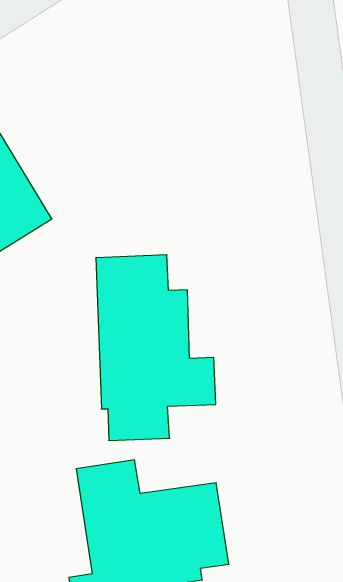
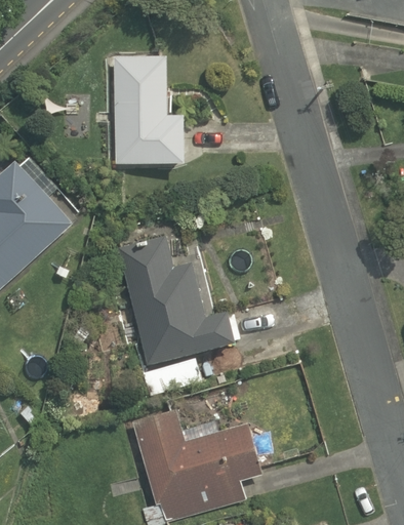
building: none -> [112,53,187,163]

